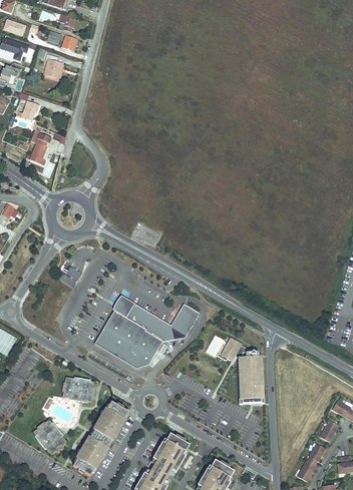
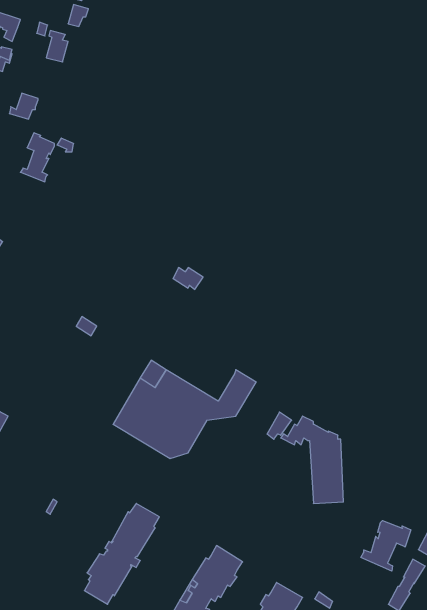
building: [62,377,94,404] -> none
building: none -> [361,521,411,571]
building: [33,420,67,455] -> none

